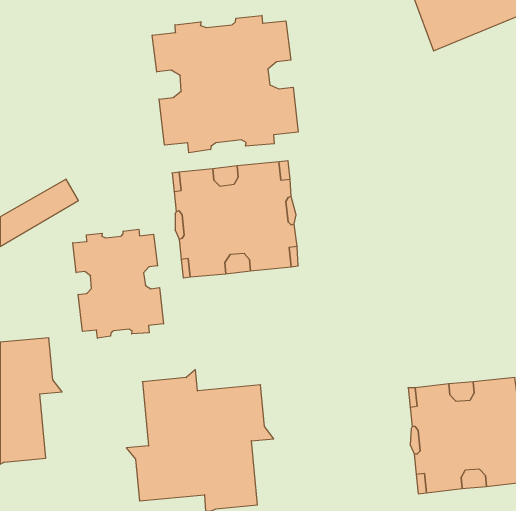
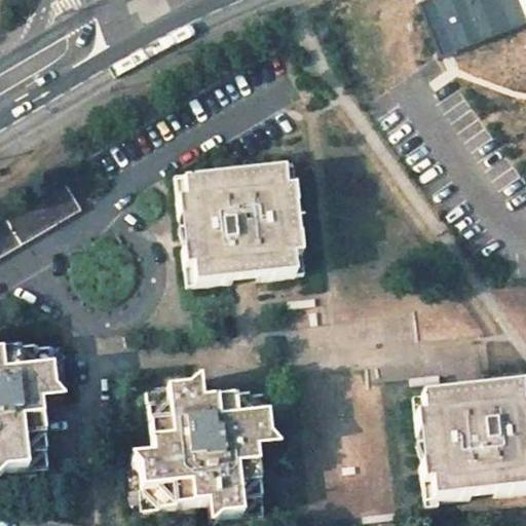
building: [152,15,298,153] -> none
building: [73,229,163,338] -> none

